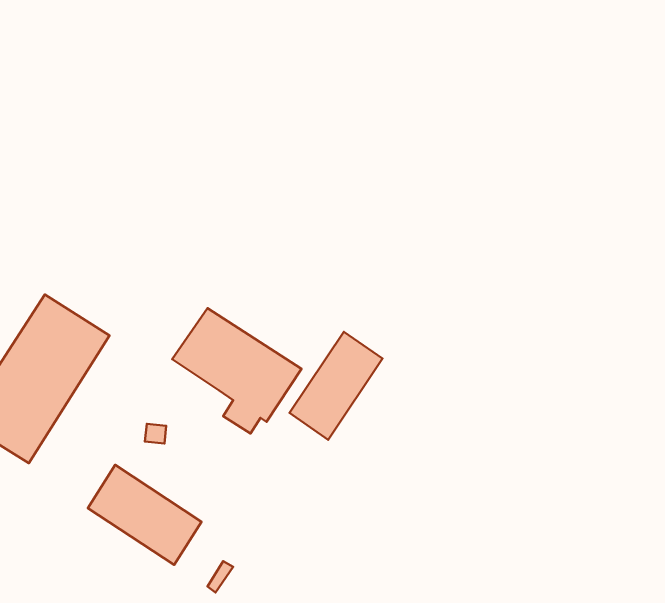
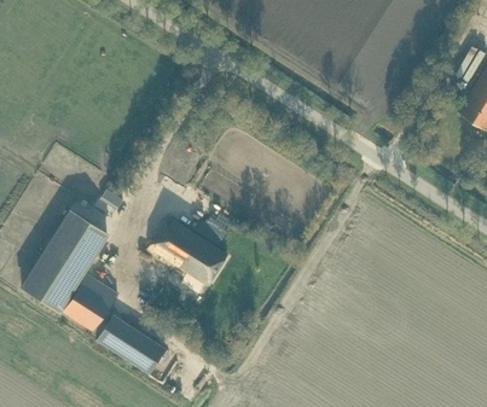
building: [289,332,382,440] -> none
building: none -> [62,274,117,332]

